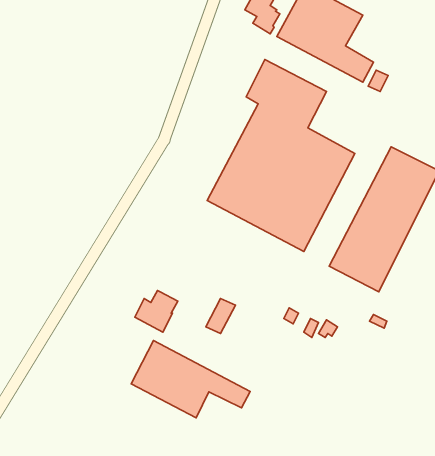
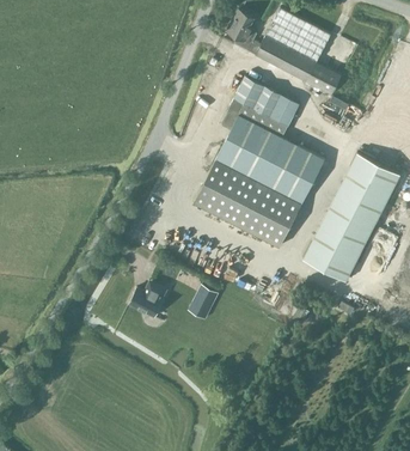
building: [131,341,250,418] -> none

